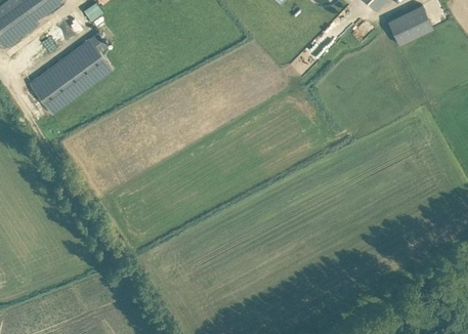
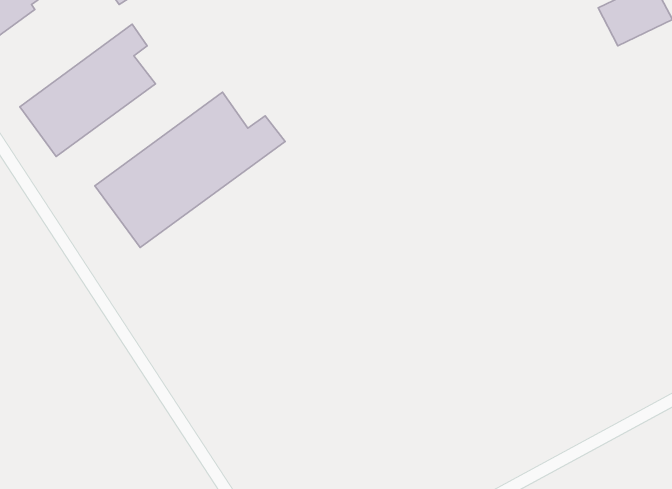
building: none -> [95,92,285,248]

